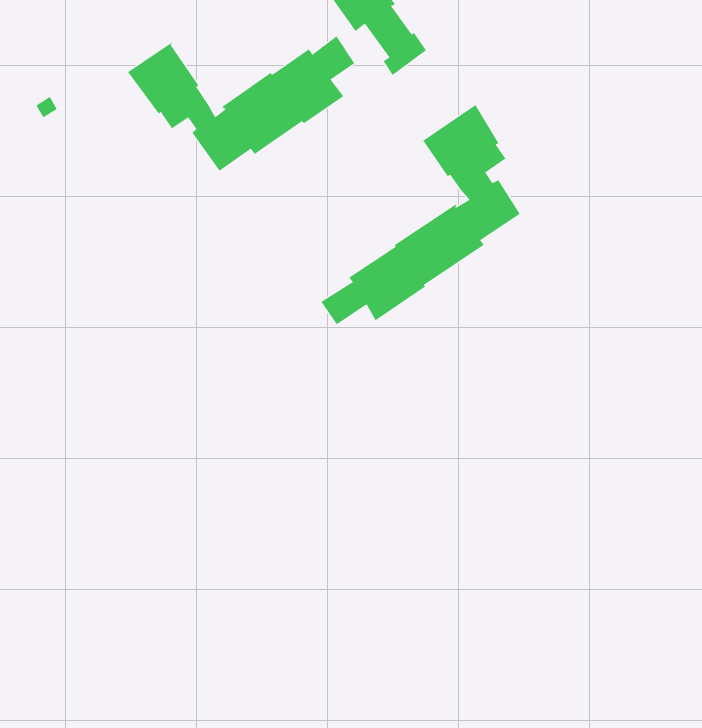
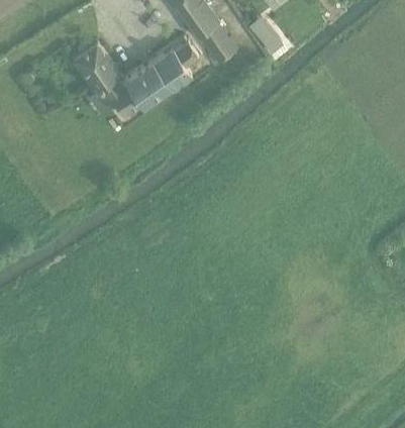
building: [320,104,520,325] -> none

